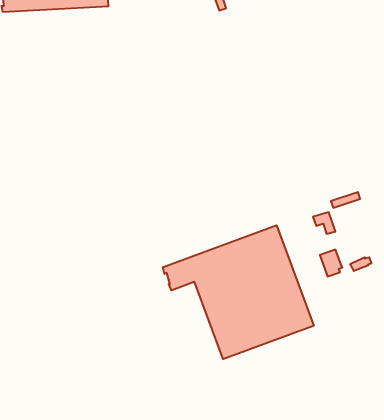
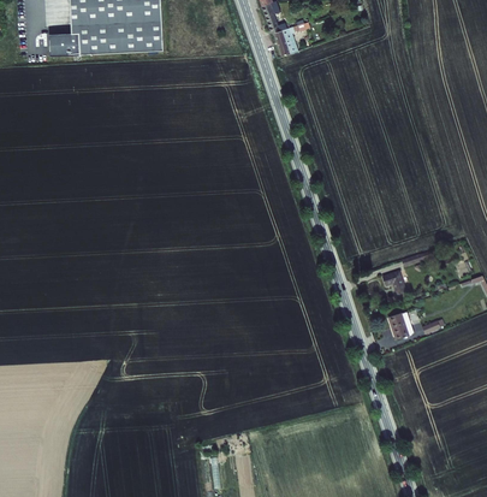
building: [163,225,314,359] -> none

